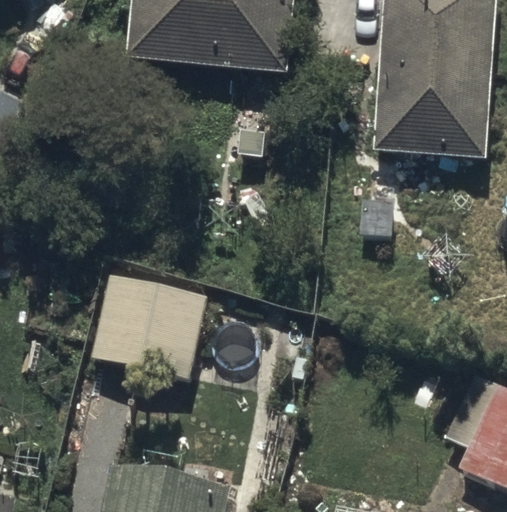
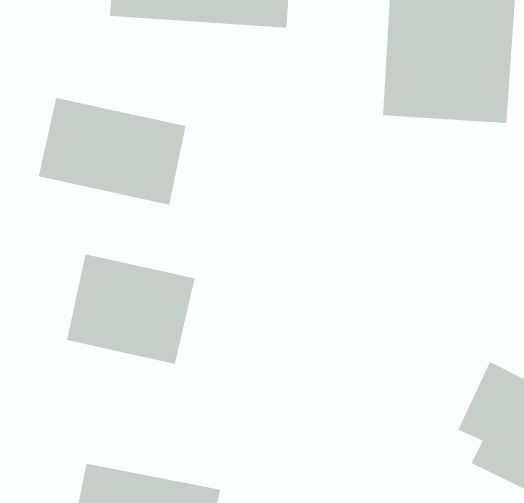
building: none -> [38,97,186,206]

